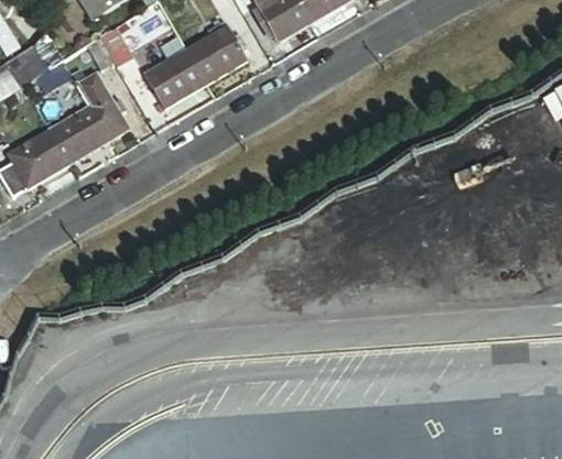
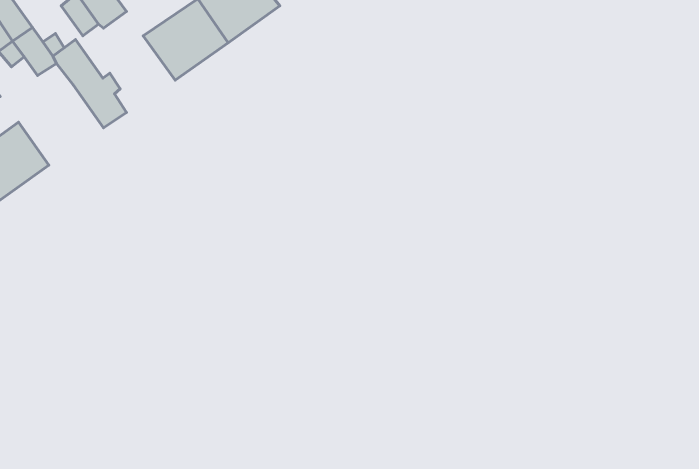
building: [48,106,110,163] -> none

